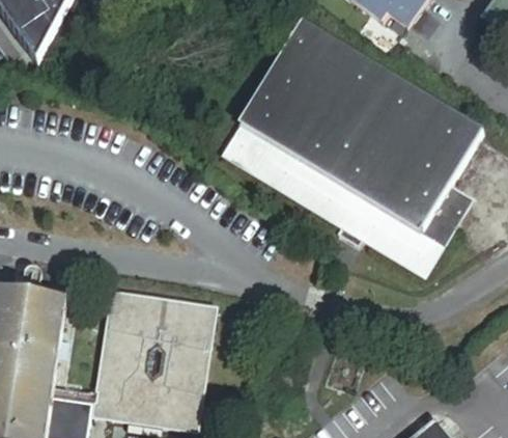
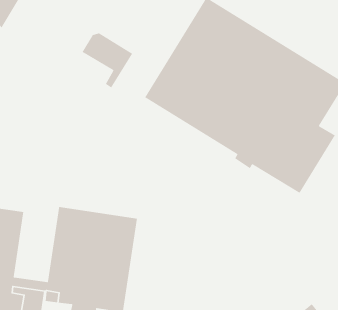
building: none -> [81,32,133,89]

